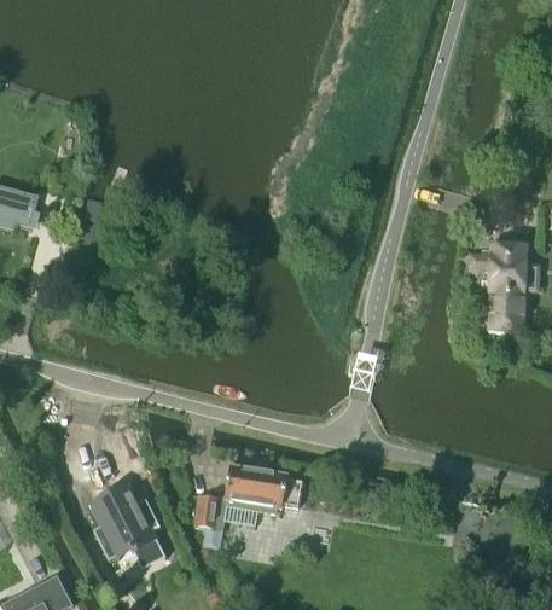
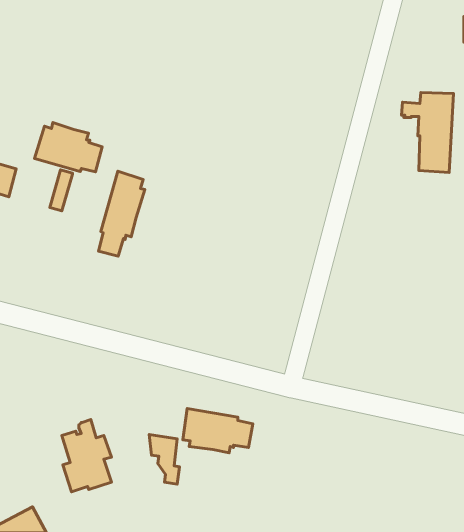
building: none -> [34,123,102,172]
building: none -> [98,171,145,256]
building: [471,244,529,333] -> [402,93,453,173]

